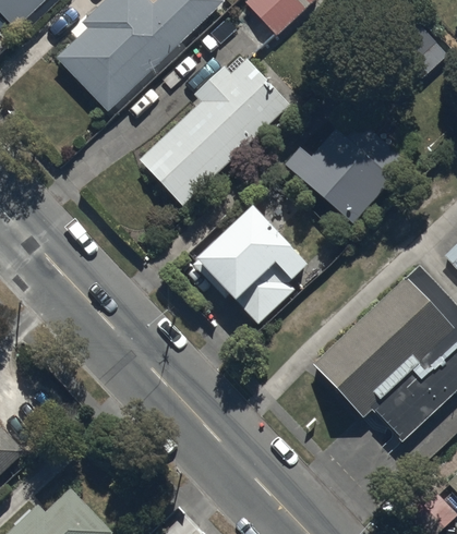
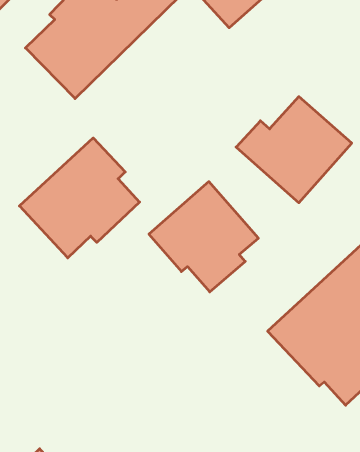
building: [139,53,290,204] -> none
building: none -> [19,138,140,258]

